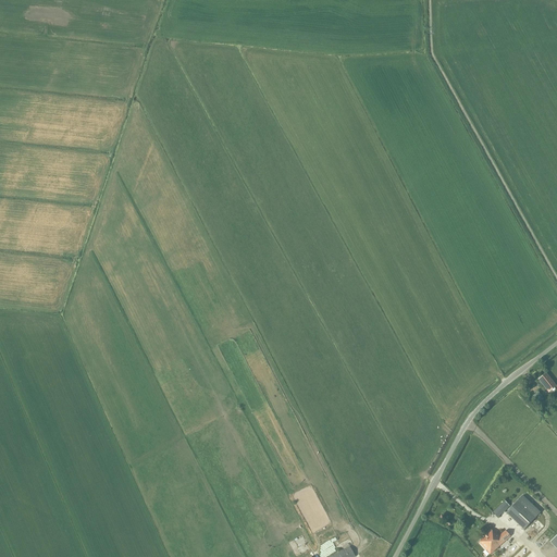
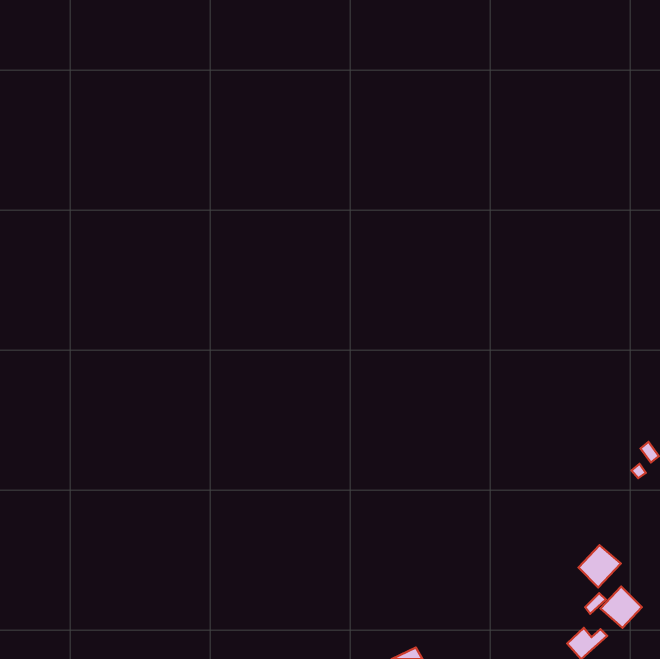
building: none -> [578,545,621,587]

